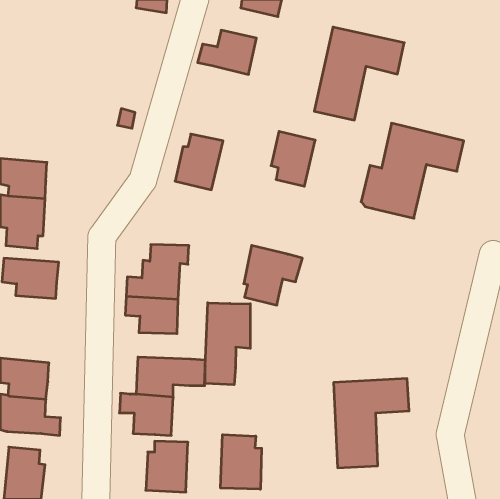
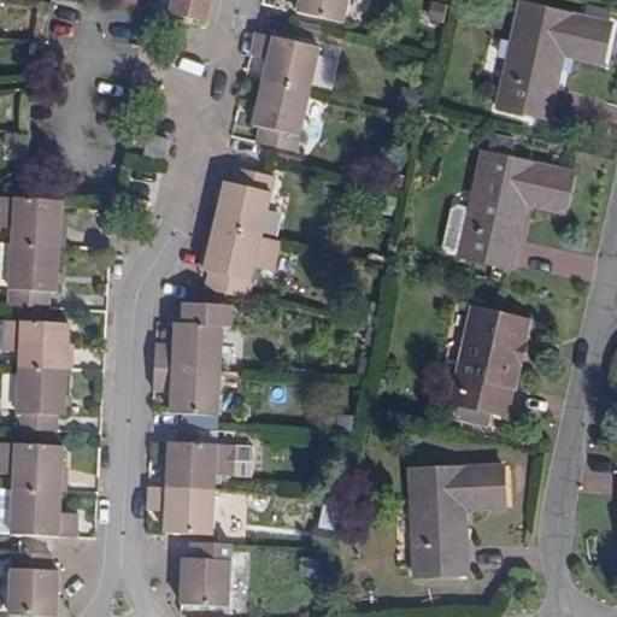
building: [314,27,404,120] -> [499,5,610,119]
building: [271,131,315,186] -> [252,81,306,148]
building: [244,245,302,305] -> [206,223,278,296]
building: none -> [452,310,527,416]
building: none -> [14,364,69,430]
building: [205,303,250,385] -> none
building: [221,435,262,489] -> none

